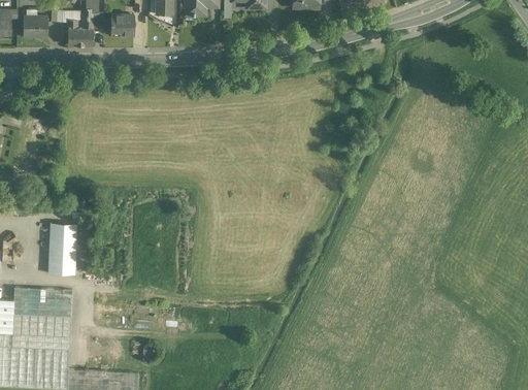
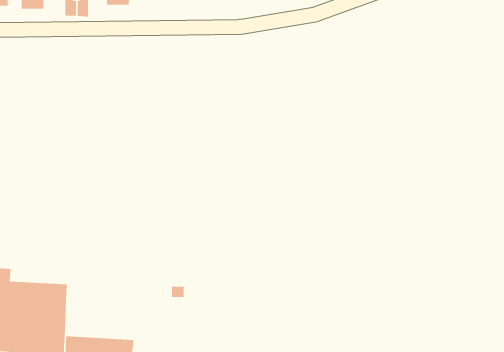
building: [47,223,76,274] -> none
building: [12,288,71,317] -> none

